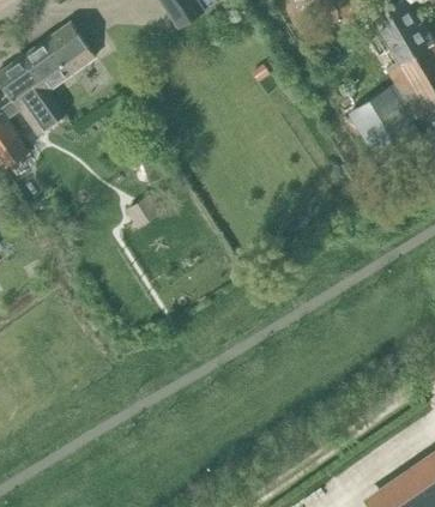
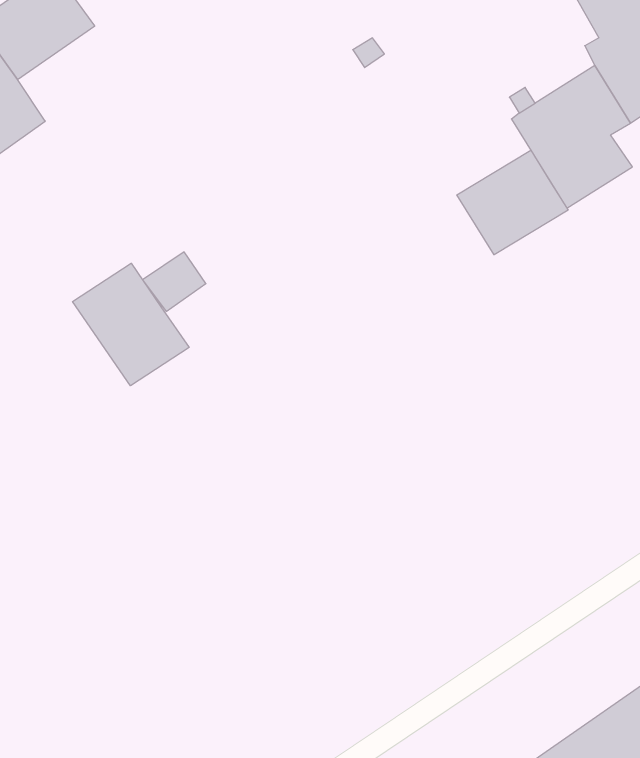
building: none -> [457,150,568,255]
building: none -> [73,263,189,386]

